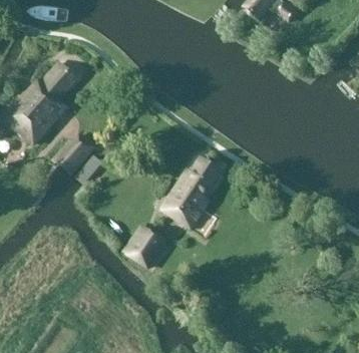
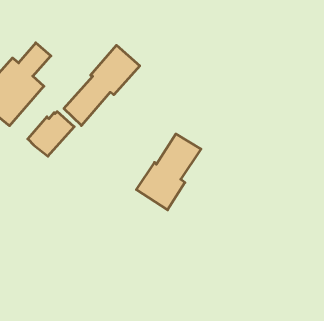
building: none -> [64,45,140,126]
building: [126,224,167,267] -> none

